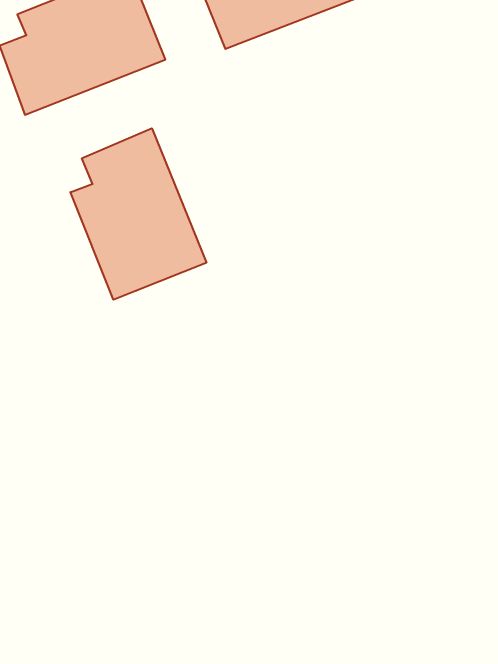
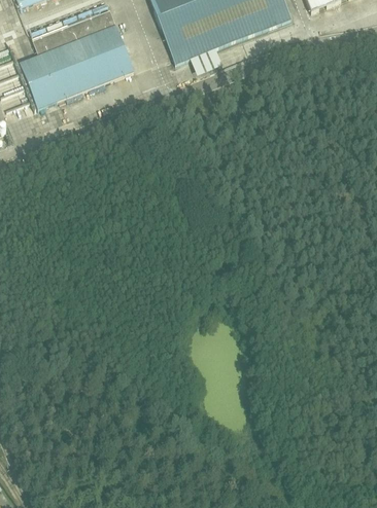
building: [70,128,206,300] -> none

